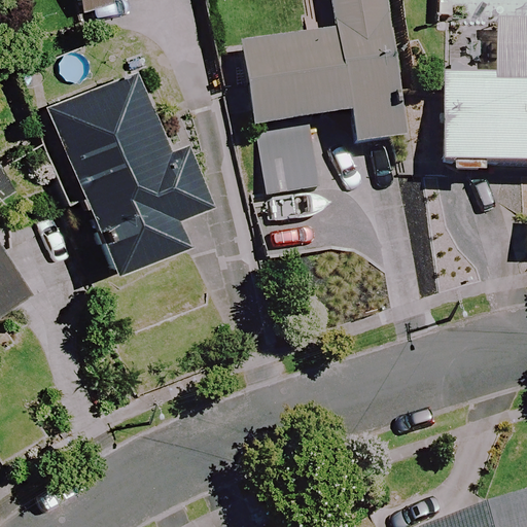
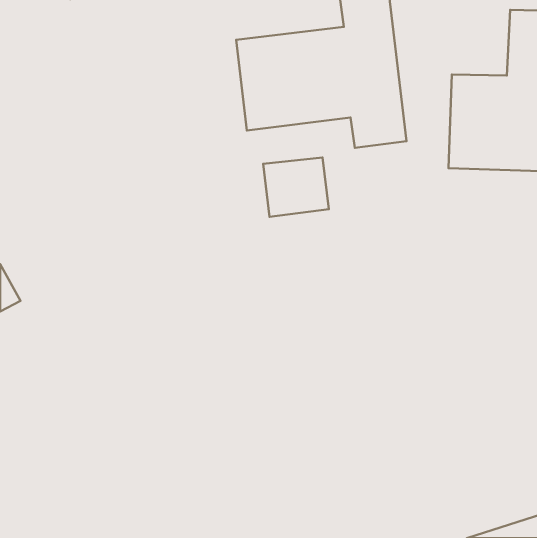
building: [49,65,210,269] -> none

